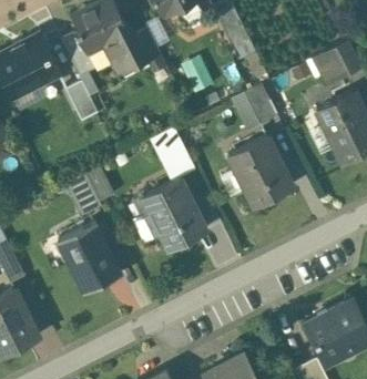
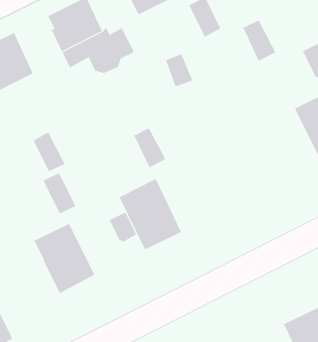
building: [61,33,95,78] -> none
building: [65,82,98,122] -> [33,131,65,172]
building: [244,85,277,126] -> [242,20,276,61]
building: [228,136,293,207] -> none

